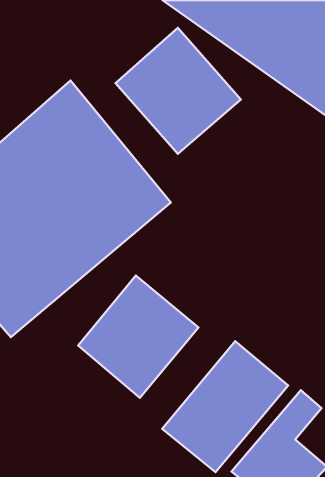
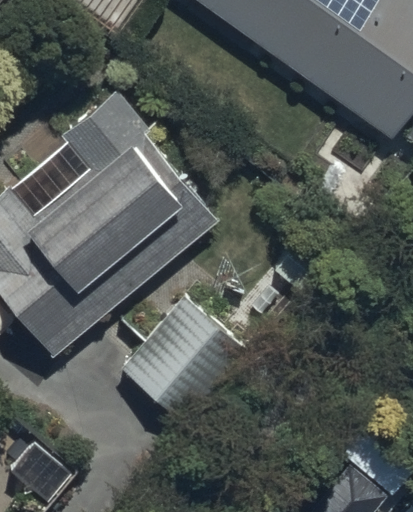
building: [115,28,241,154] -> none
building: [162,341,288,472] -> none

